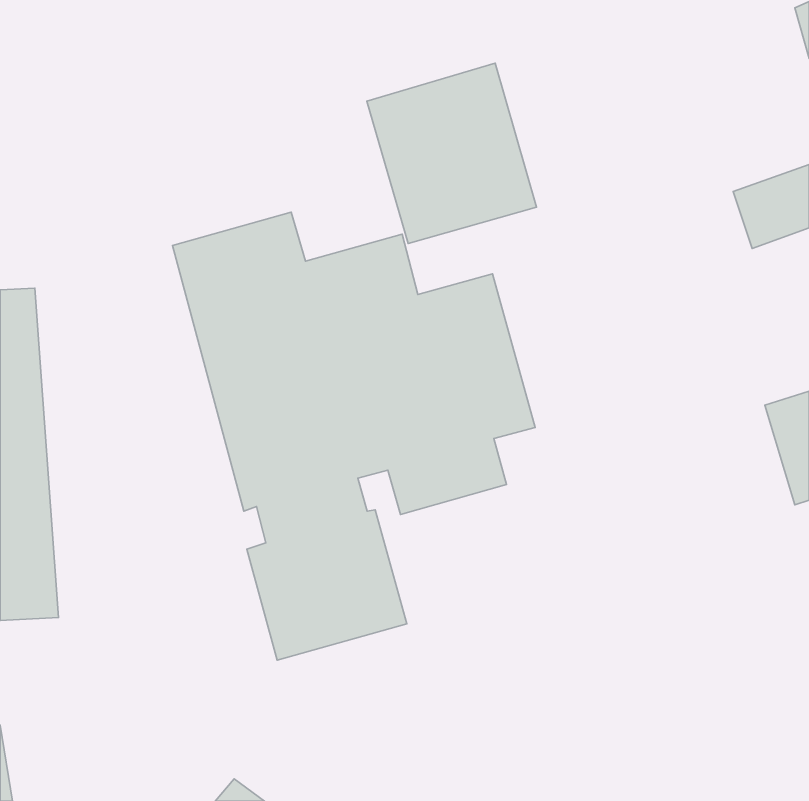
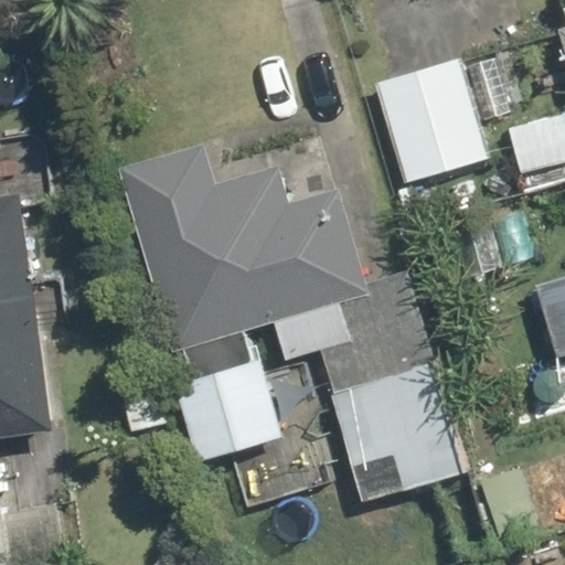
building: [367,63,536,244] -> [374,56,492,182]
building: none -> [331,362,468,502]

